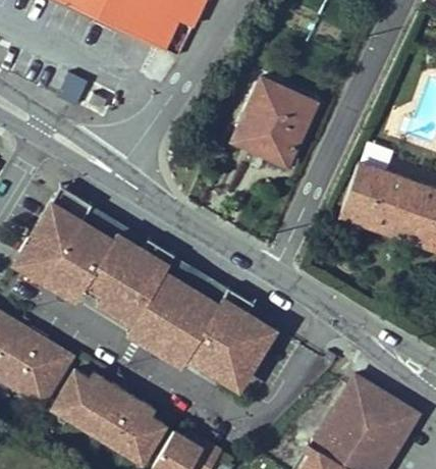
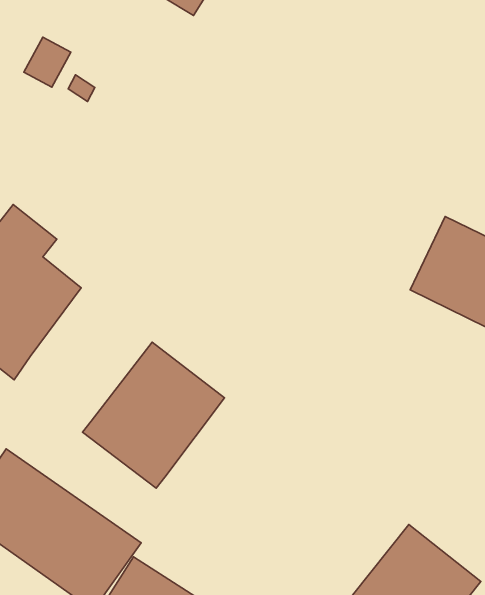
building: [235,81,316,166] -> none
building: [84,234,175,331] -> none
building: [185,291,277,398] -> none

